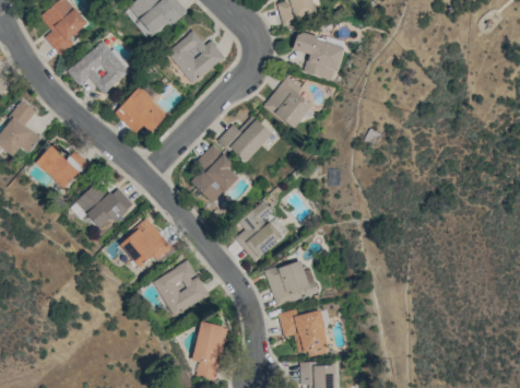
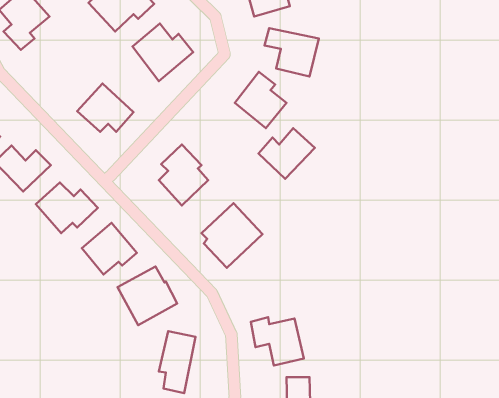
building: [67,38,131,94] -> none
building: [218,115,272,163] -> [259,128,315,179]
building: [263,258,318,306] -> none

